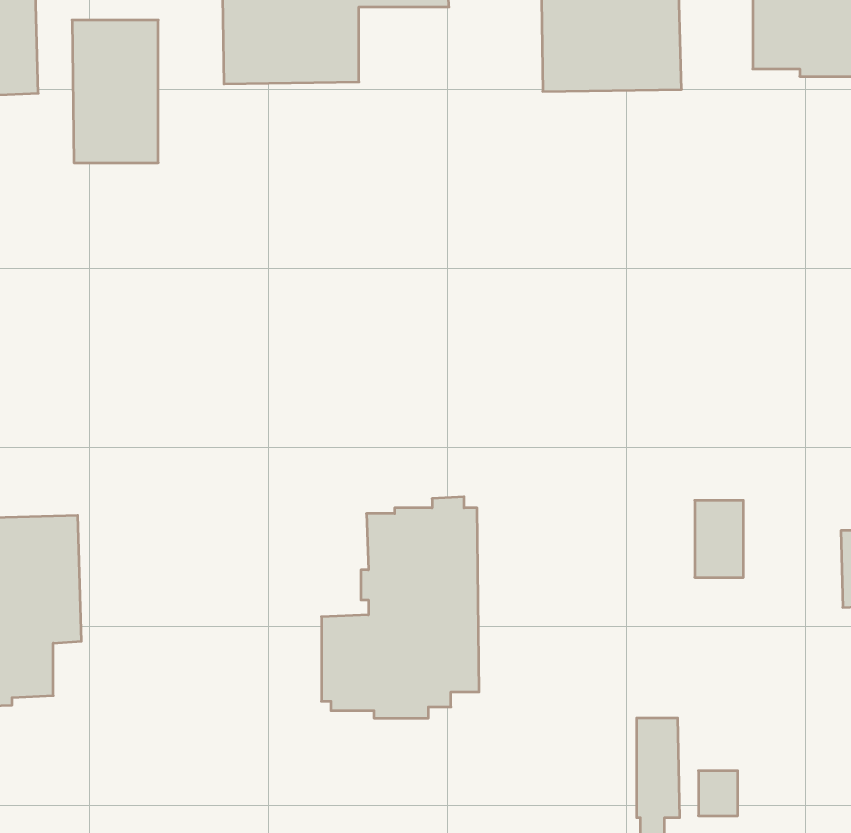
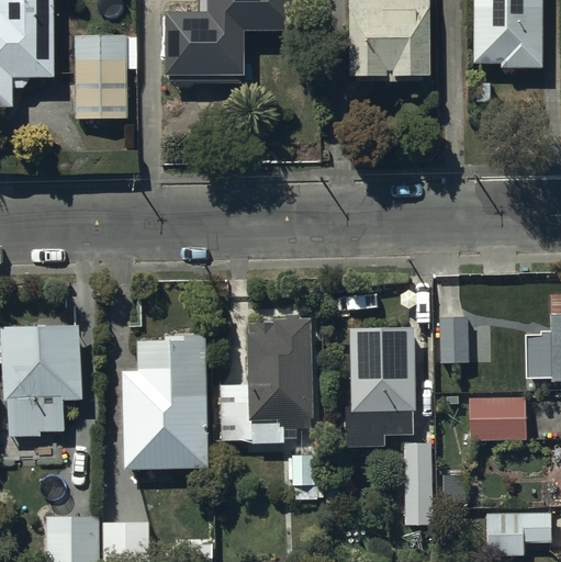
building: none -> [345,328,414,448]
building: none -> [122,336,209,471]
building: none -> [469,396,525,440]

